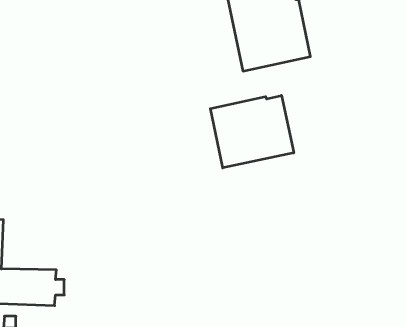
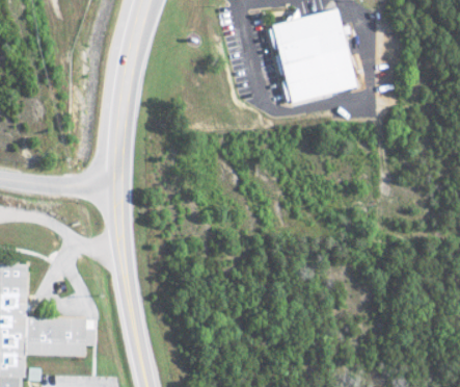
building: [210,95,294,168] -> none

